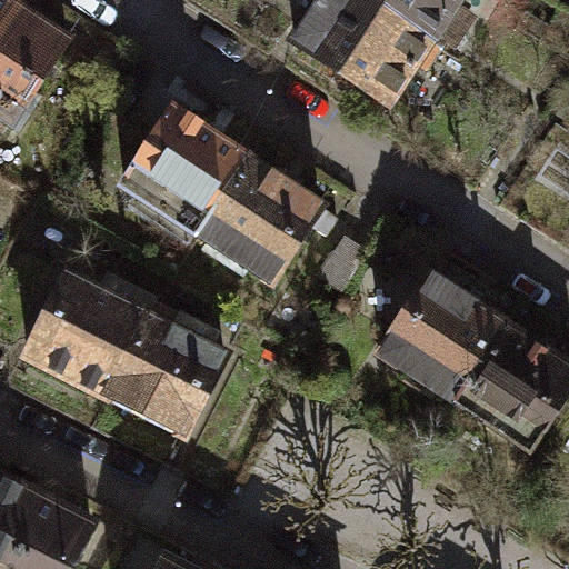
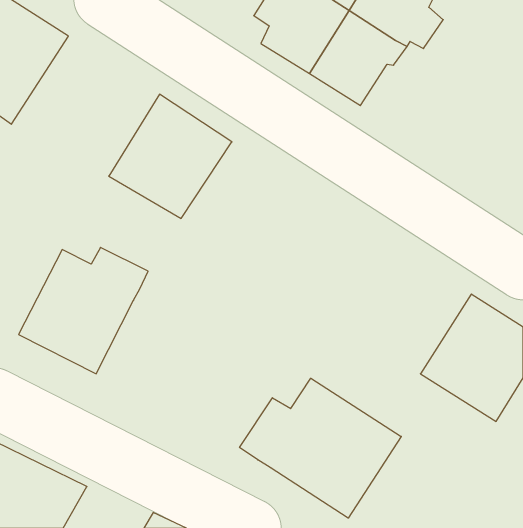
building: [194,152,341,280] -> none
building: [373,267,506,401] -> none
building: [103,291,224,436] -> none
building: none -> [240,378,401,518]

